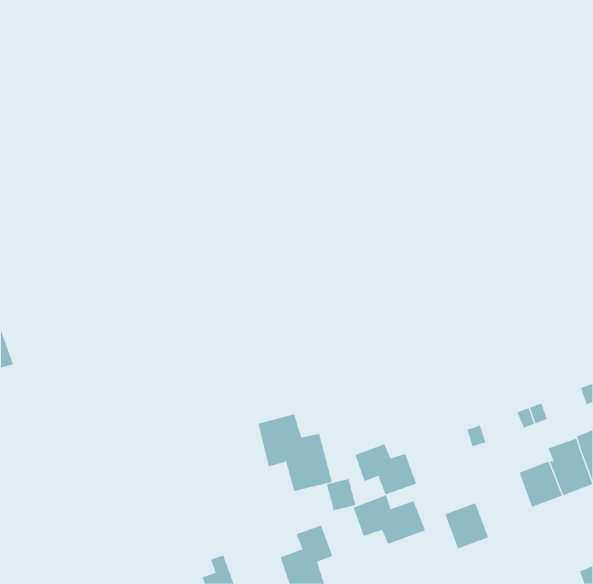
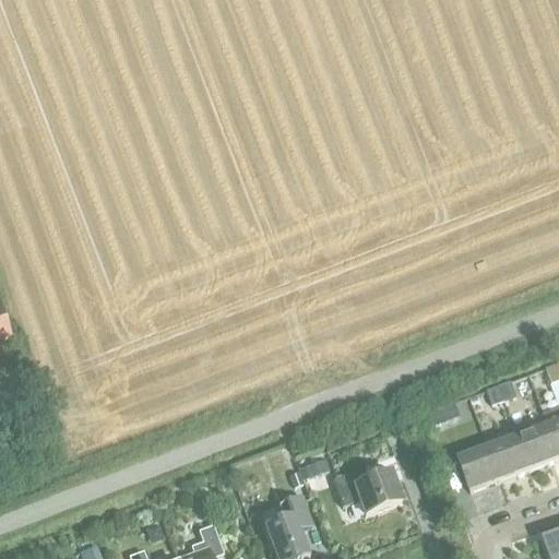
building: [258,414,333,492] -> none
building: [355,444,417,495] -> none
building: [445,503,489,549] -> [459,444,500,488]

